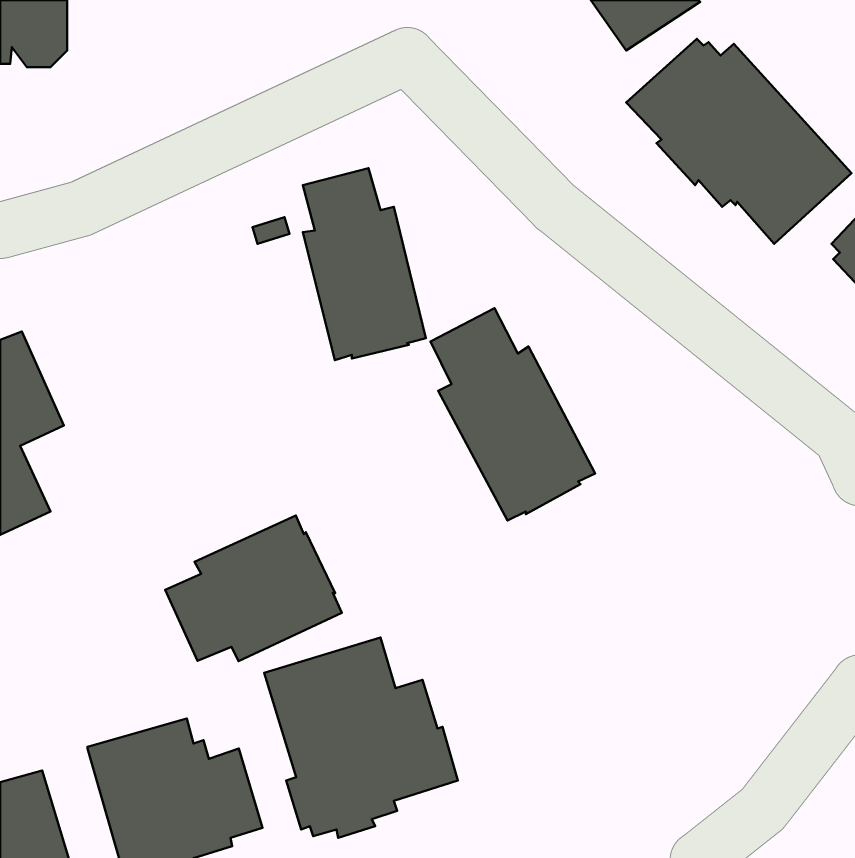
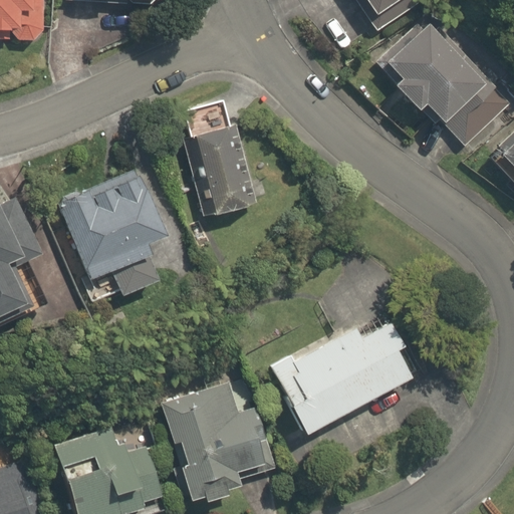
building: none -> [50,167,166,299]
building: [430,308,595,521] -> none
building: [165,515,342,661] -> none
building: none -> [271,322,411,434]

